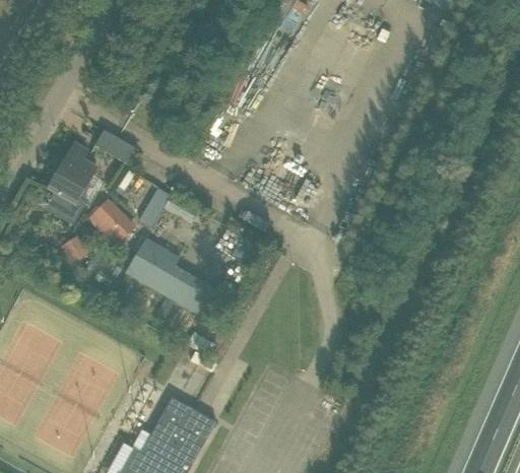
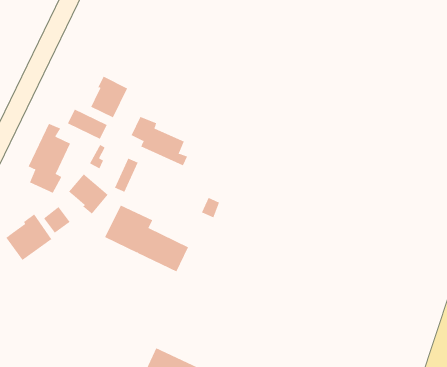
building: none -> [90,76,128,118]
building: none -> [131,116,188,166]
building: none -> [5,213,52,261]

